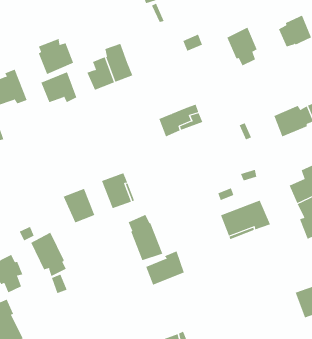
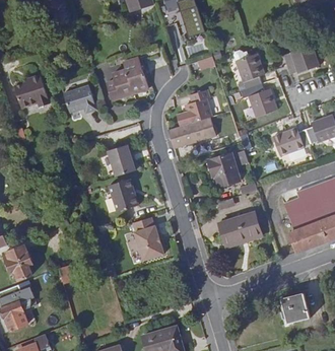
building: [38,38,74,75] -> none
building: none -> [243,83,277,117]
building: none -> [178,90,212,127]
building: none -> [208,153,240,188]
building: [63,188,95,223] -> [108,145,136,177]
building: [31,232,67,277] -> none
building: [146,251,185,285] -> none

